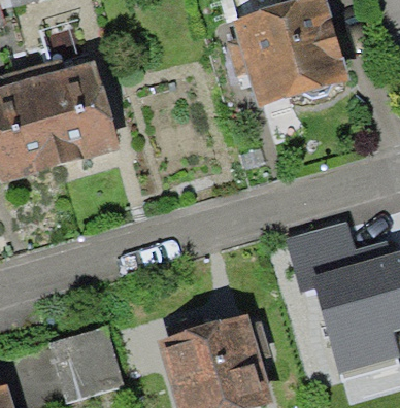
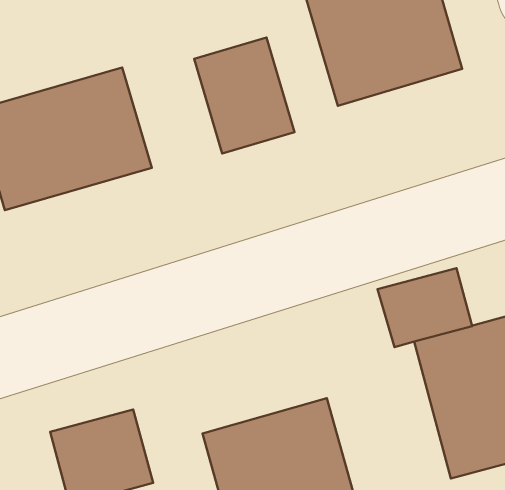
building: none -> [194,37,294,154]

